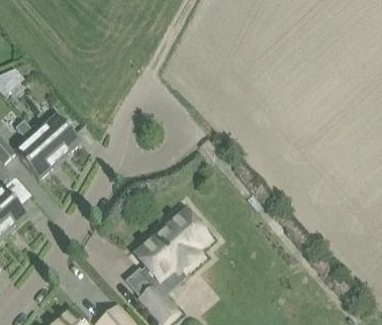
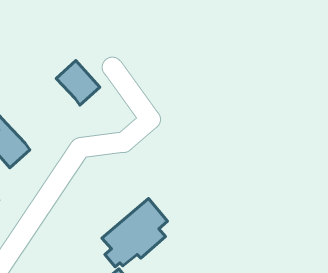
building: [34,113,81,160] -> [56,60,100,105]

